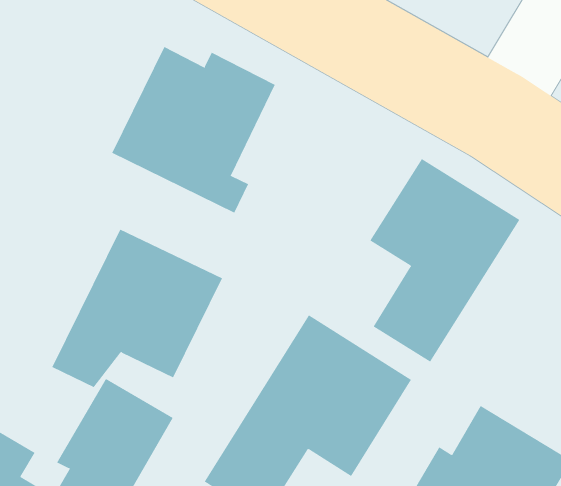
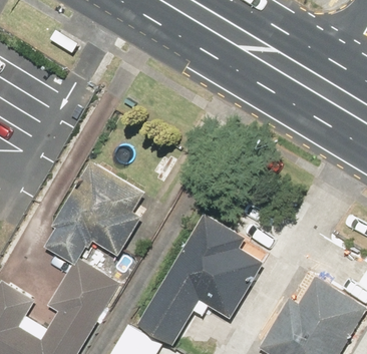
building: [112,46,276,214] -> none
building: [369,158,520,363] -> none

